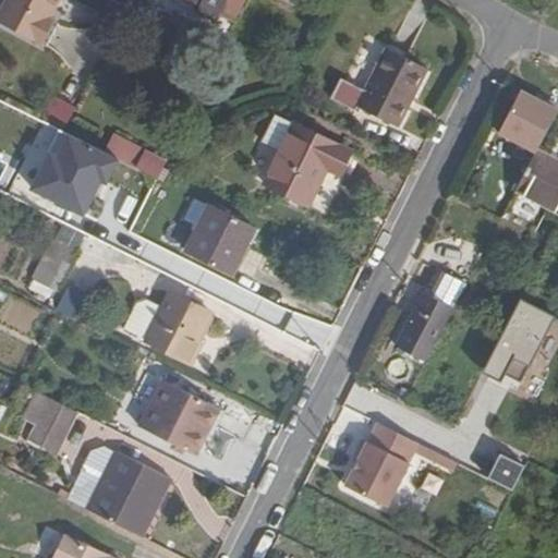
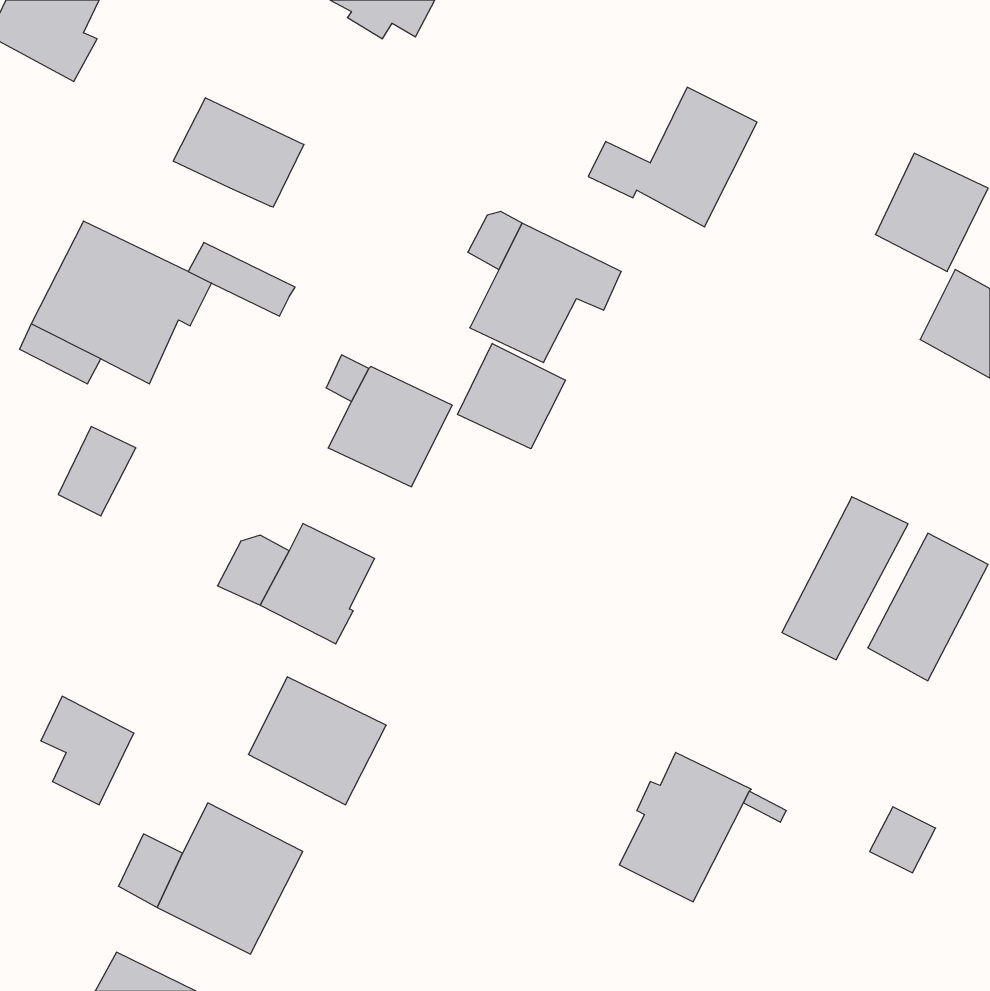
building: none -> [173,98,304,207]
building: none -> [457,343,565,449]
building: [397,269,468,361] -> [782,497,908,660]

